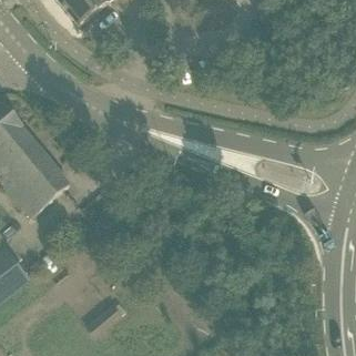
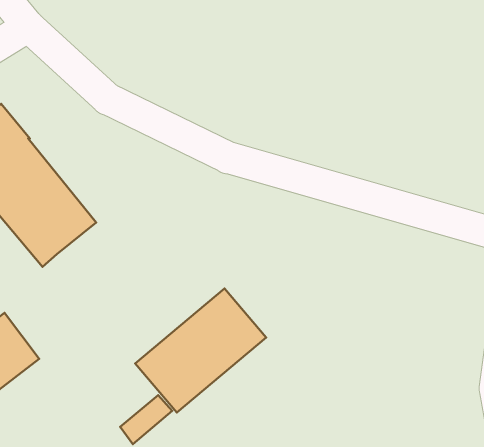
building: none -> [135,289,266,412]

